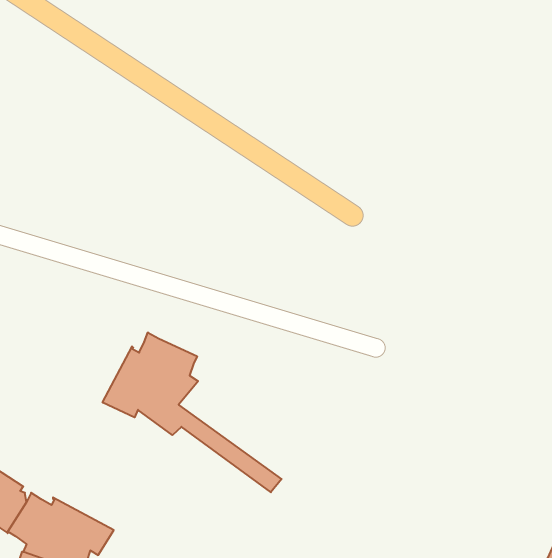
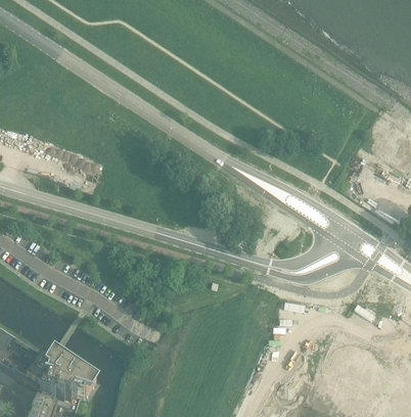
building: [103,332,282,492] -> none

